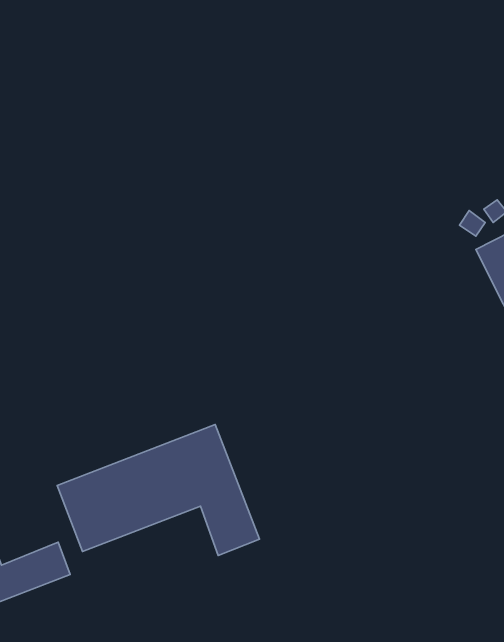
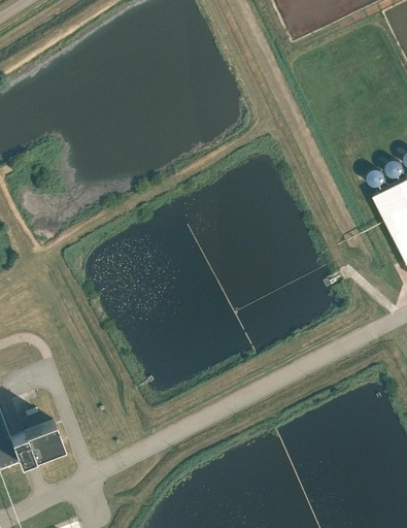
building: [57,425,260,555] -> none

